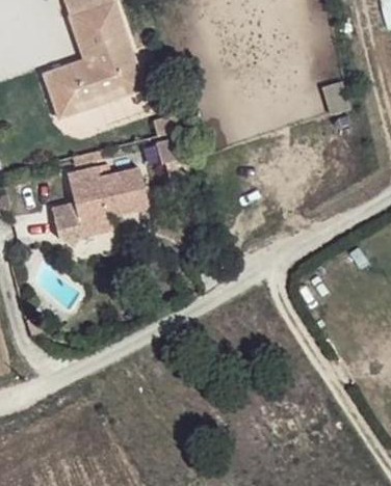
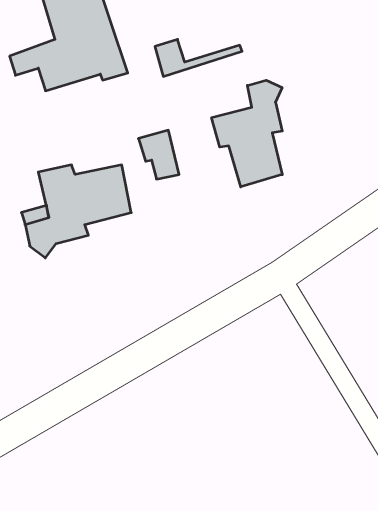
building: [46,82,122,114] -> [155,39,242,76]
building: none -> [212,80,282,187]

